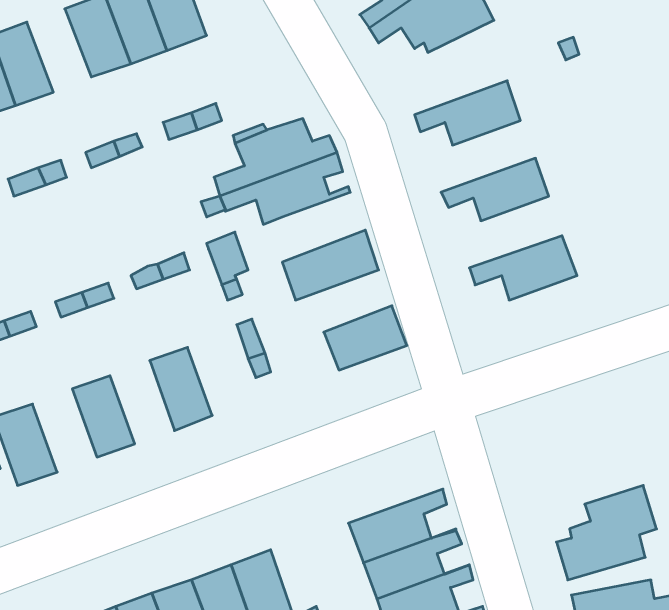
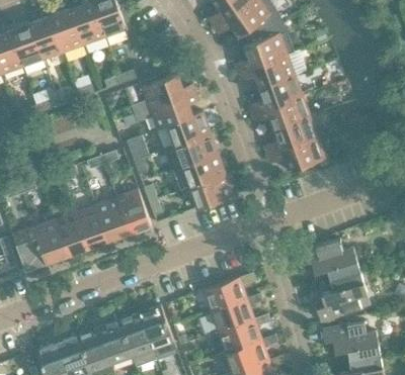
building: none -> [30,16,65,61]
building: none -> [235,22,288,73]
building: none -> [249,76,303,114]
building: none -> [166,114,212,152]
building: none -> [264,116,317,155]
building: none -> [174,156,226,191]
building: none -> [116,189,151,233]
building: none -> [75,204,109,249]
building: none -> [33,219,68,264]
building: none -> [300,240,360,281]

